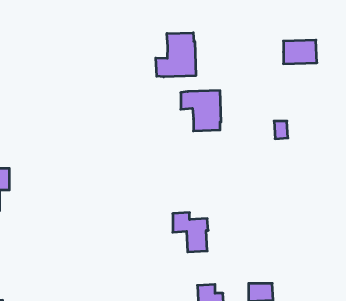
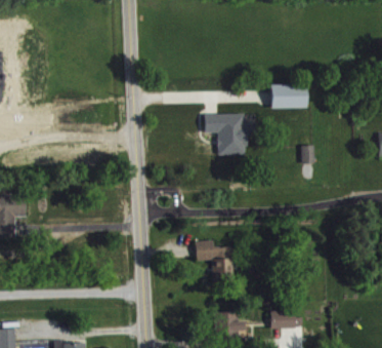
building: [156,33,196,77] -> none
building: [283,40,317,64] -> [270,82,305,107]

